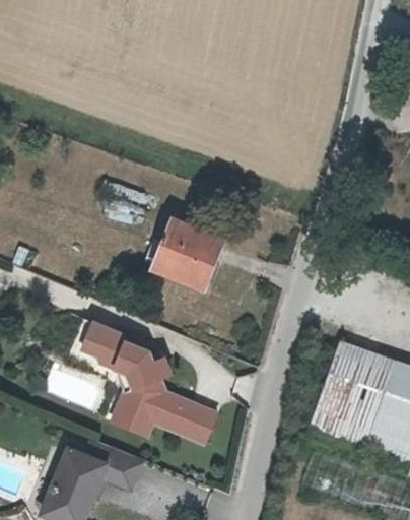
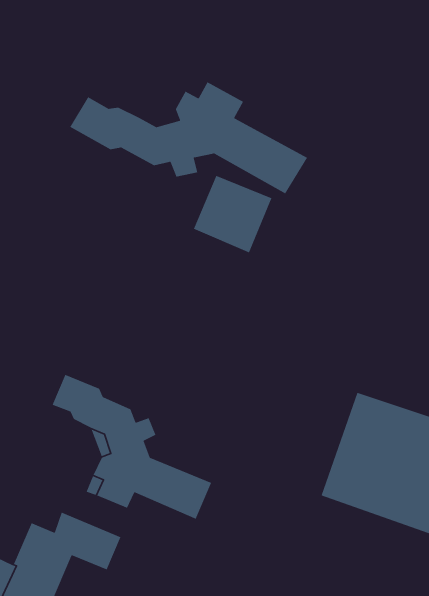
building: none -> [69,81,308,194]
building: [154,218,221,284] -> [193,175,273,253]

